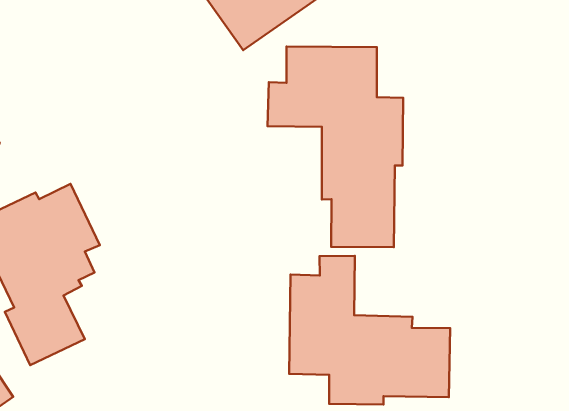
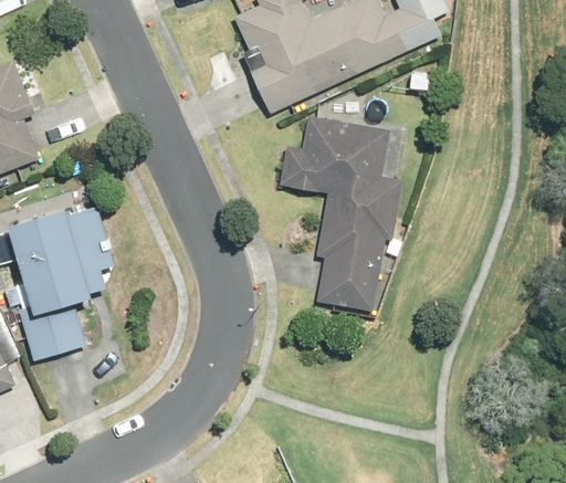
building: [289,256,450,404] -> none

